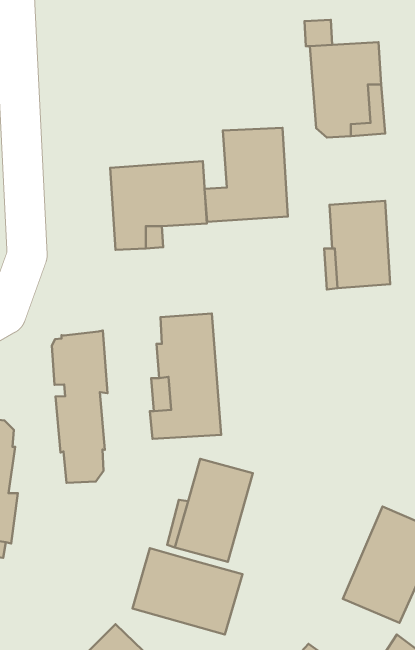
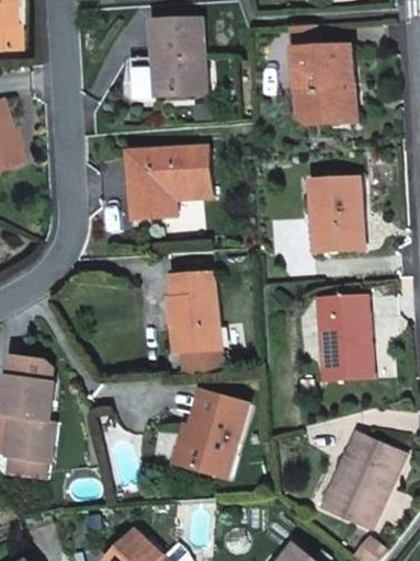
building: [204,128,288,222] -> [136,19,205,96]
building: [52,330,107,483] -> none
building: none -> [318,295,370,379]
building: [132,548,242,635] -> none

